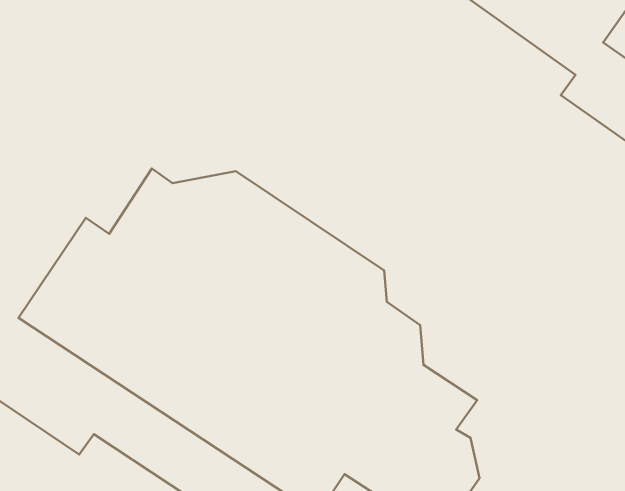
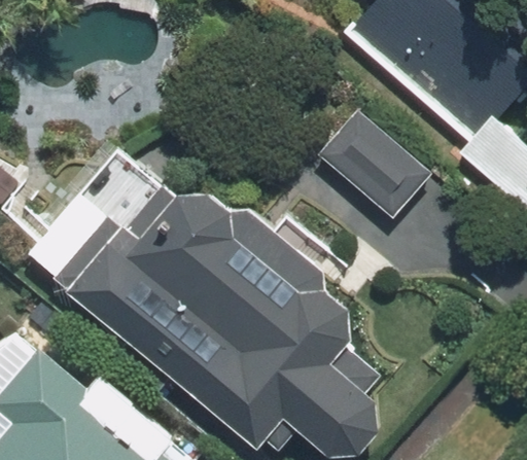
building: none -> [319,104,435,215]

